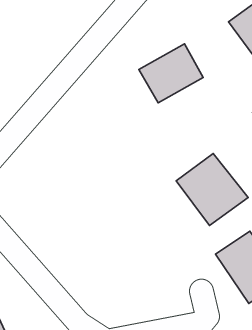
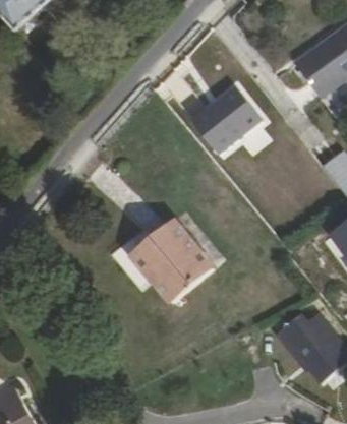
building: [176,153,248,226] -> [134,227,218,310]

